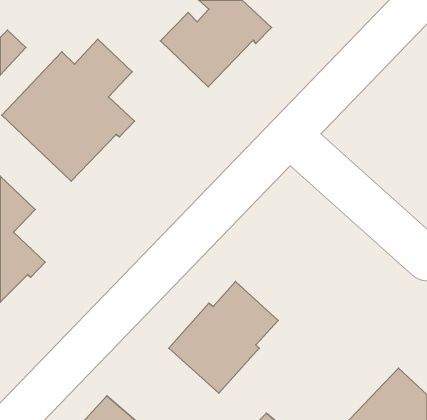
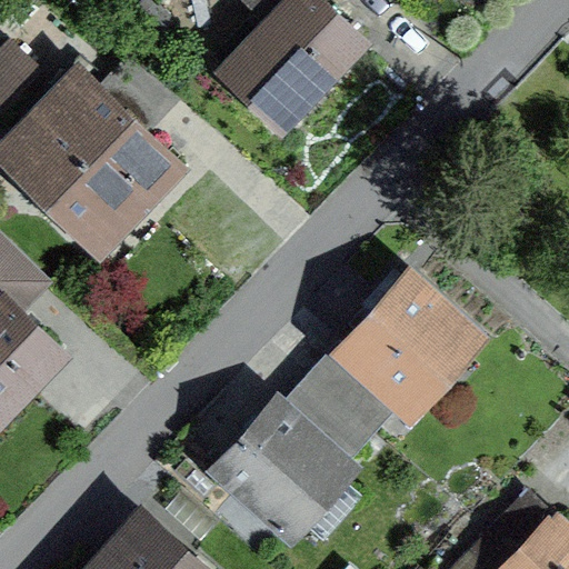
building: none -> [313,292,462,436]

